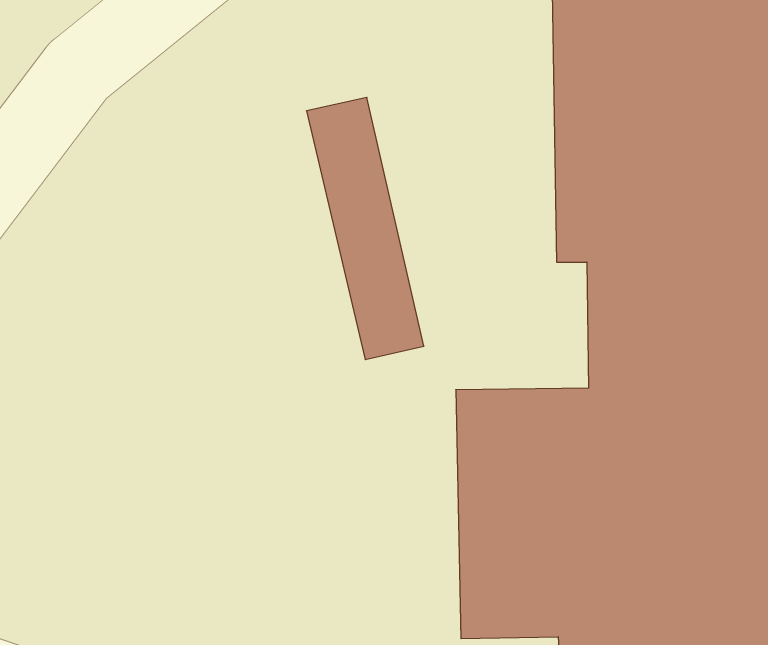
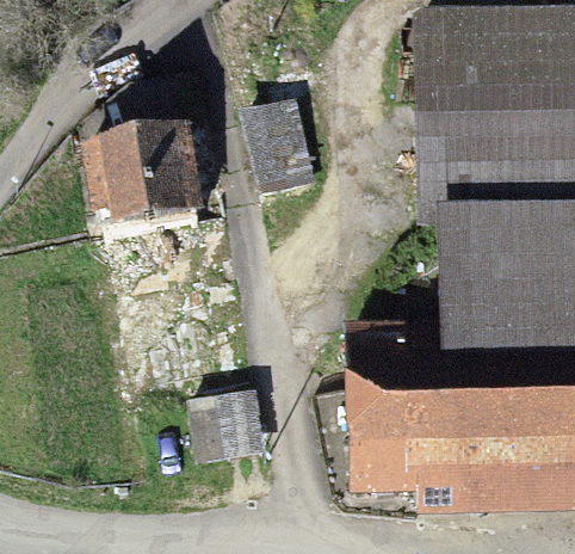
building: none -> [82,118,227,224]
building: none -> [188,387,267,461]

